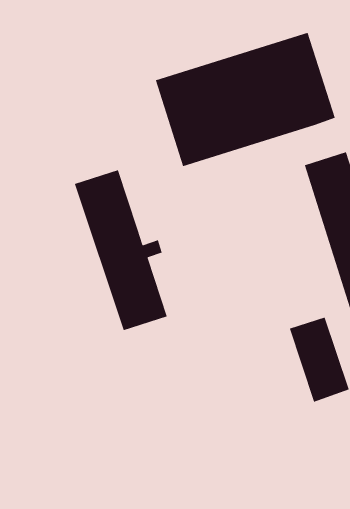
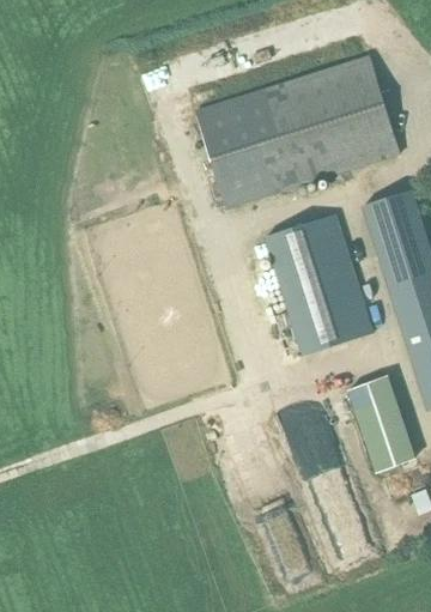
building: [74,169,168,331] -> none
building: none -> [263,216,372,358]

